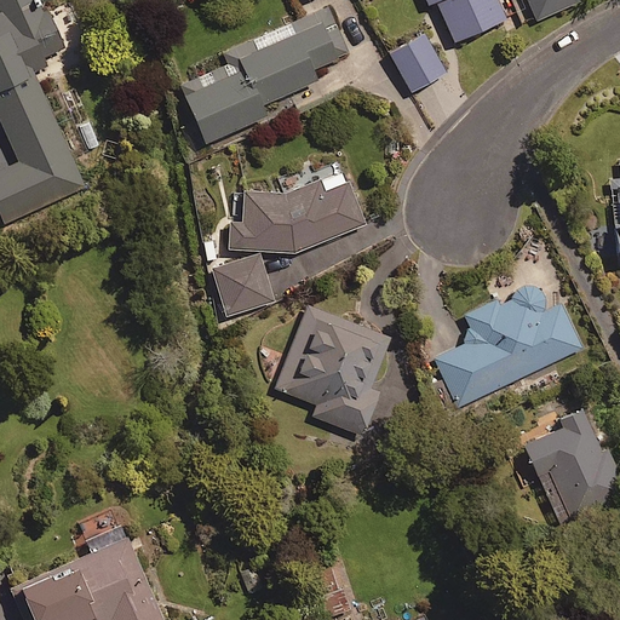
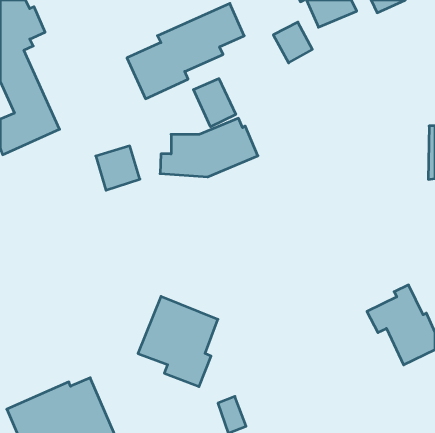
building: none -> [193,79,236,127]
building: [211,254,274,317] -> [96,146,140,190]
building: [434,286,582,408] -> none
building: [275,308,389,436] -> [138,296,218,387]

